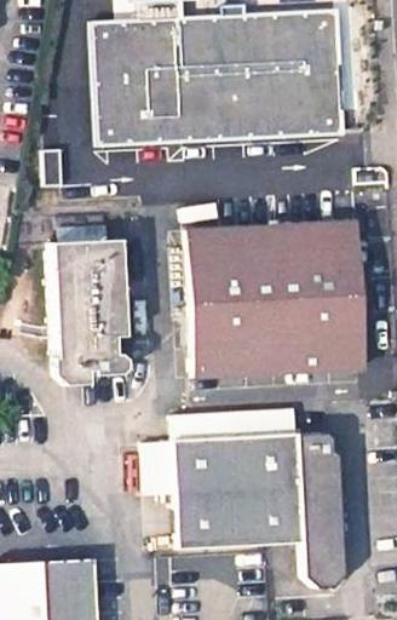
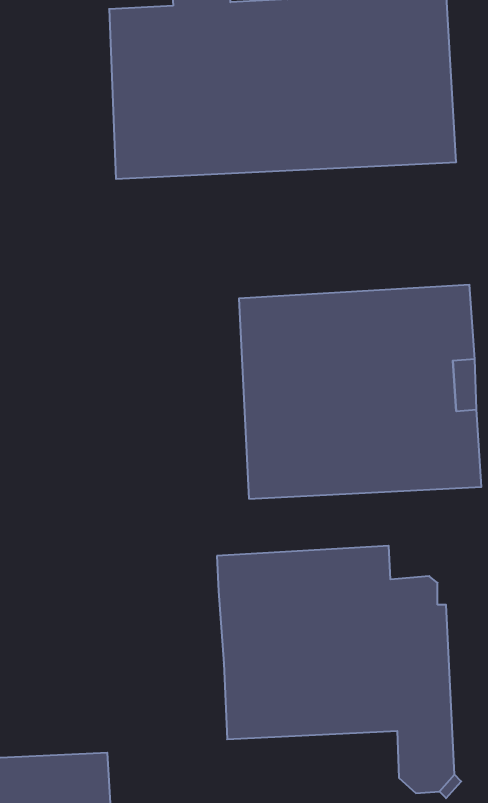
building: [53,240,128,386] -> none
building: [146,442,179,495] -> none

